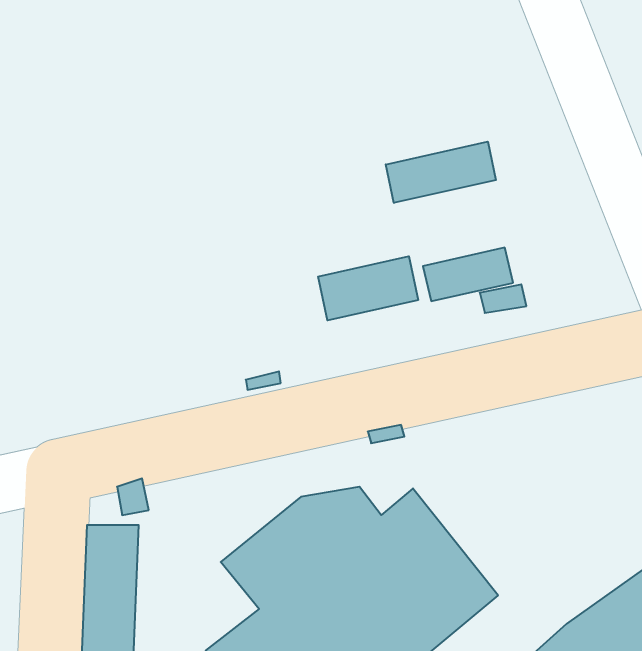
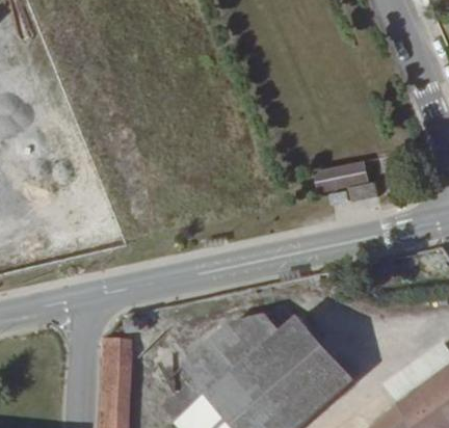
building: [386,142,496,203] -> none
building: [318,256,418,320] -> none

